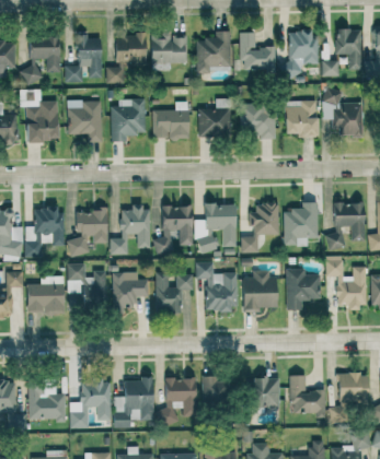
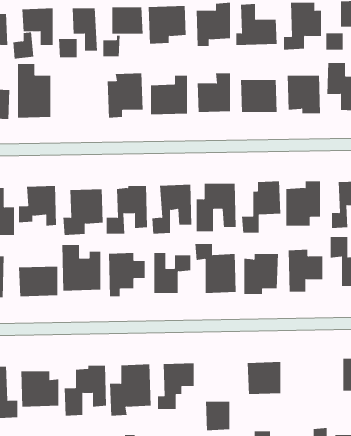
building: [68,99,103,142] -> none
building: [290,374,326,417] -> none
building: [201,376,226,404] -> [205,401,230,431]

